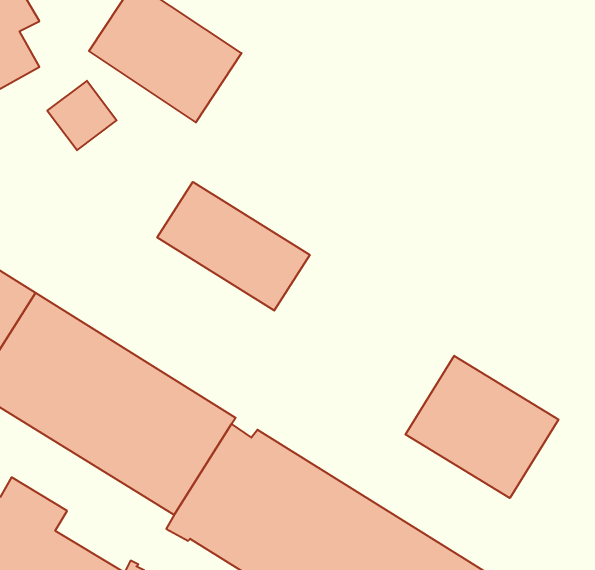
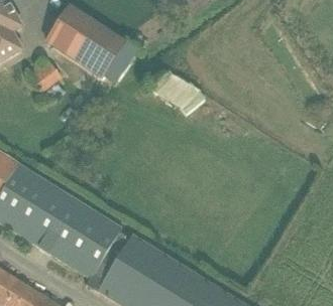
building: [157,182,310,311] -> none
building: [405,356,558,498] -> none

